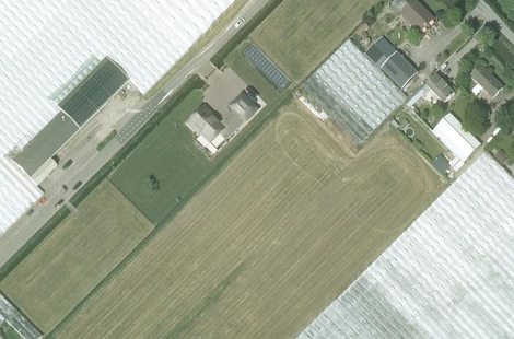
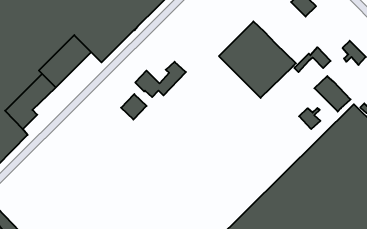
building: [364,36,418,87] -> none
building: none -> [121,94,147,120]
building: none -> [299,108,320,129]

